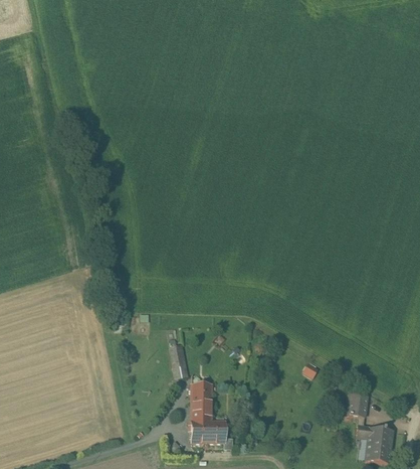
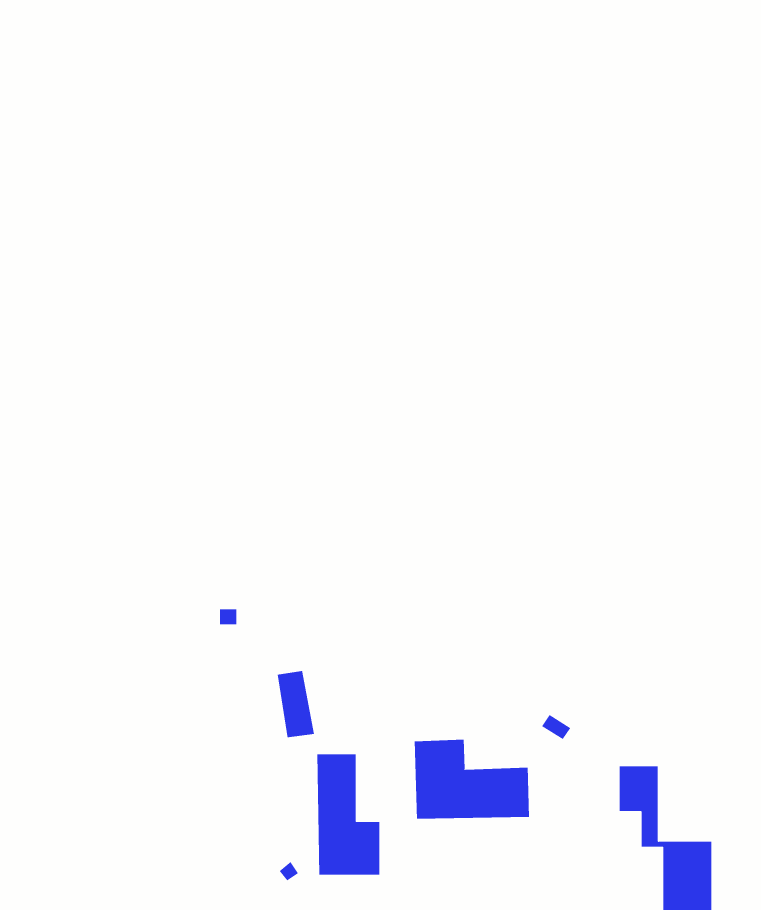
building: none -> [414,739,529,819]

